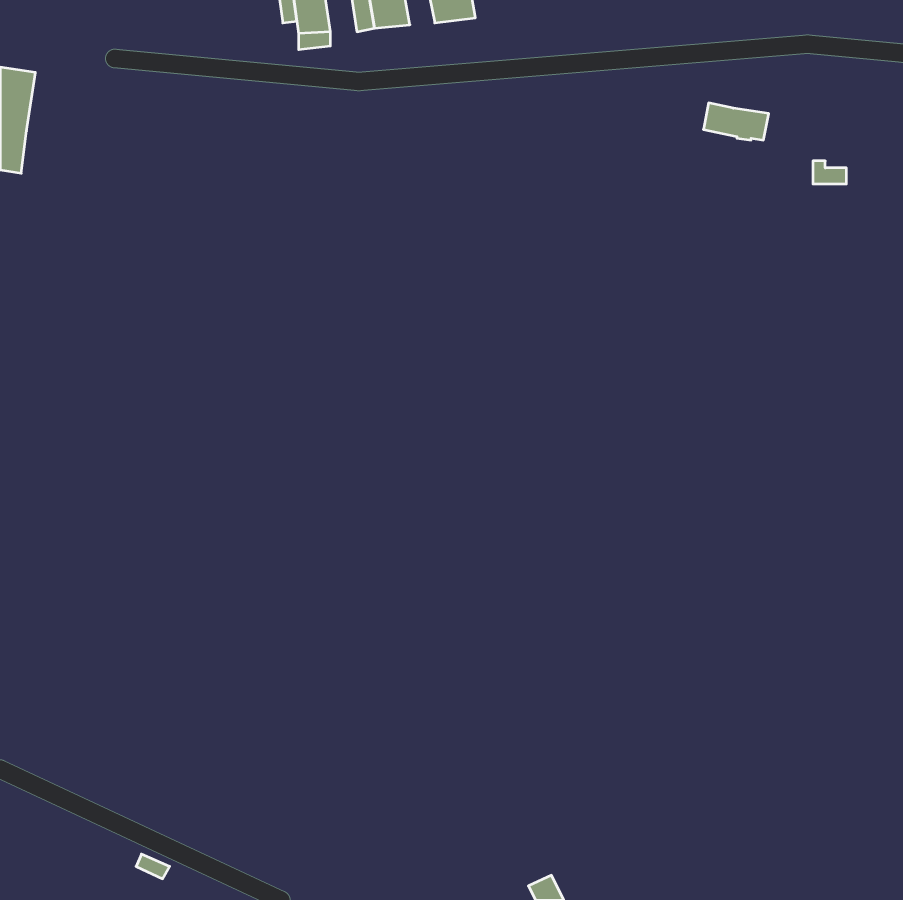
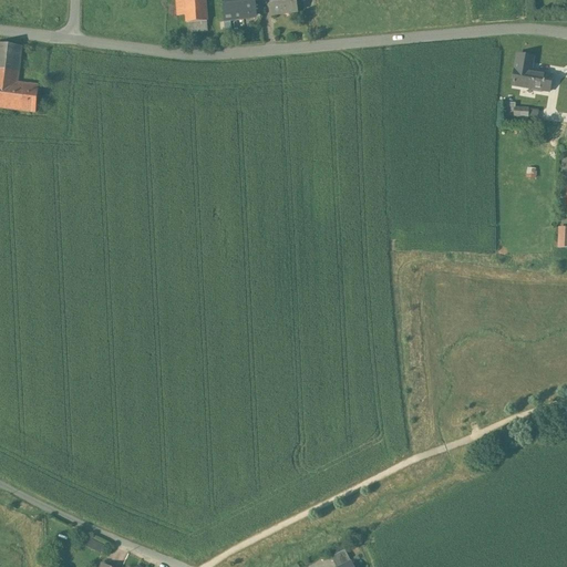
building: [703,103,769,140] -> [512,66,553,90]
building: none -> [13,82,39,111]

